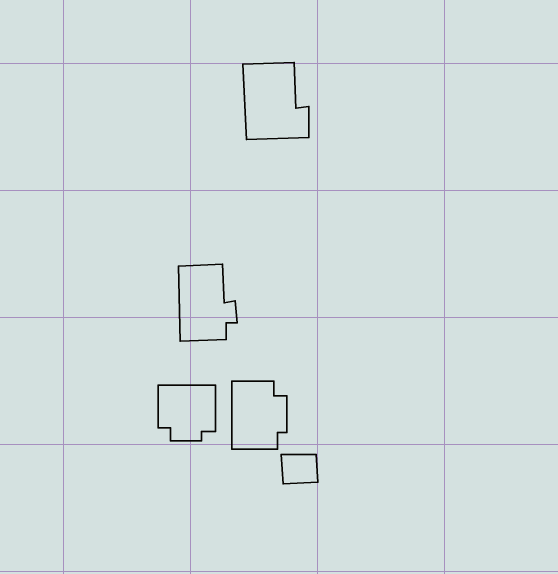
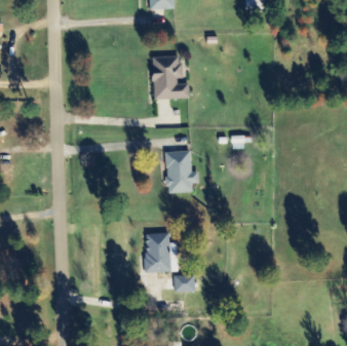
building: [179,264,237,341] -> [165,150,198,193]
building: [158,385,216,441] -> none

